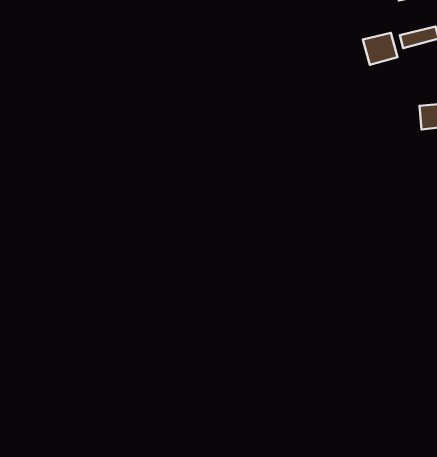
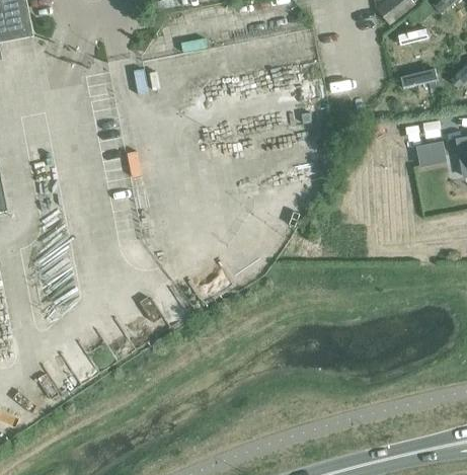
building: [363,33,397,65] -> none

